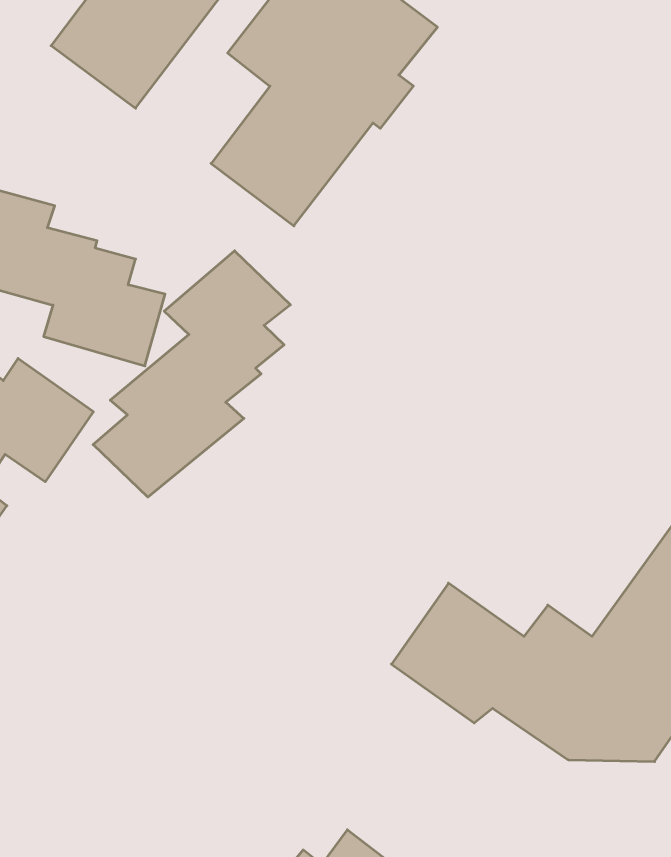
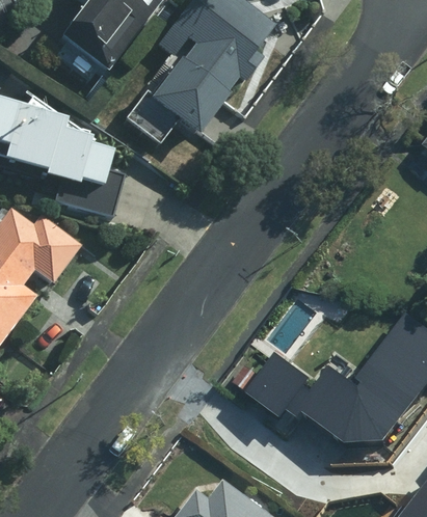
building: [93,251,290,497] -> none

